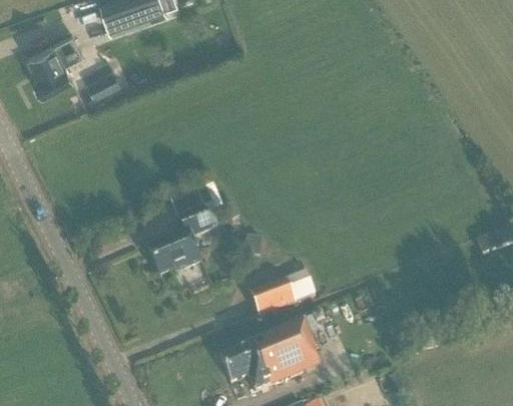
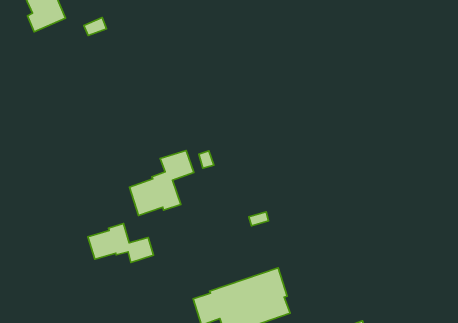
building: [250,276,297,315] -> none
building: none -> [88,223,154,263]

